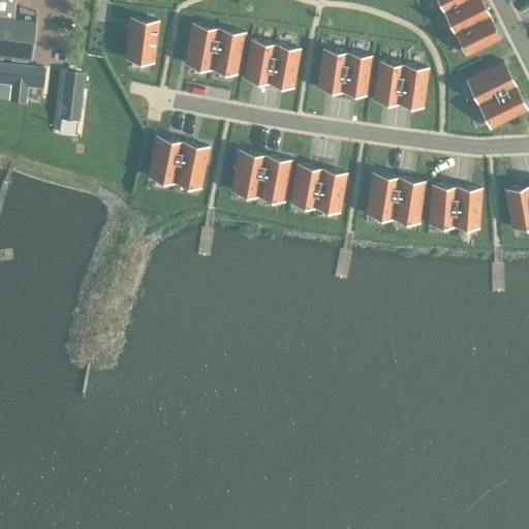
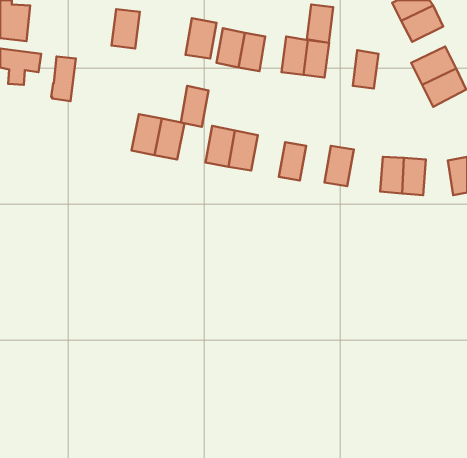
building: [186,25,217,71] -> [181,86,208,127]
building: [374,63,404,106] -> [307,5,333,43]
building: [291,165,322,210] -> none
building: [393,179,426,224] -> none

